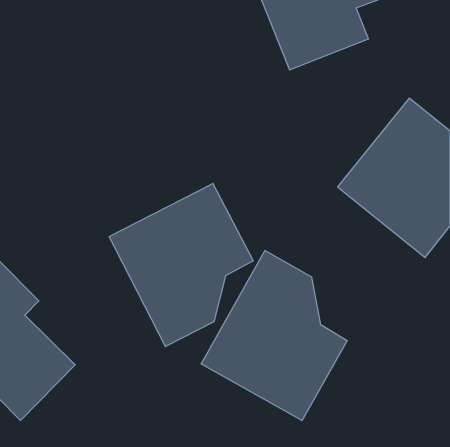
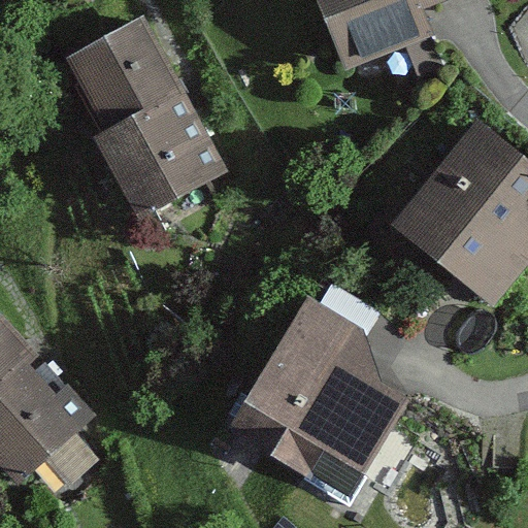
building: none -> [65,20,227,220]
building: [109,183,253,347] -> none

